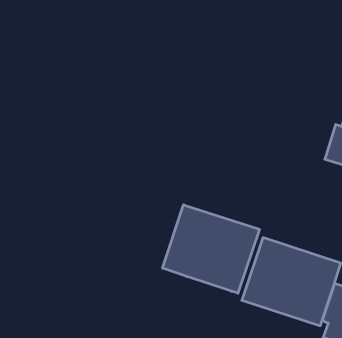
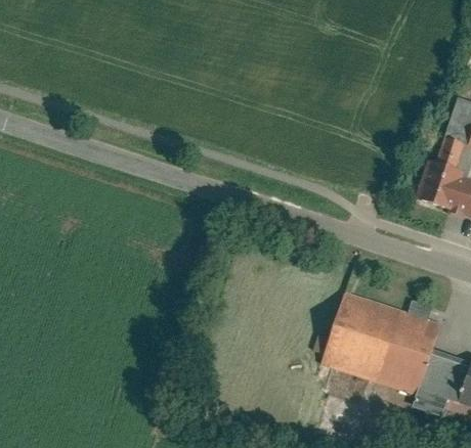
building: [163,205,259,293] -> none

